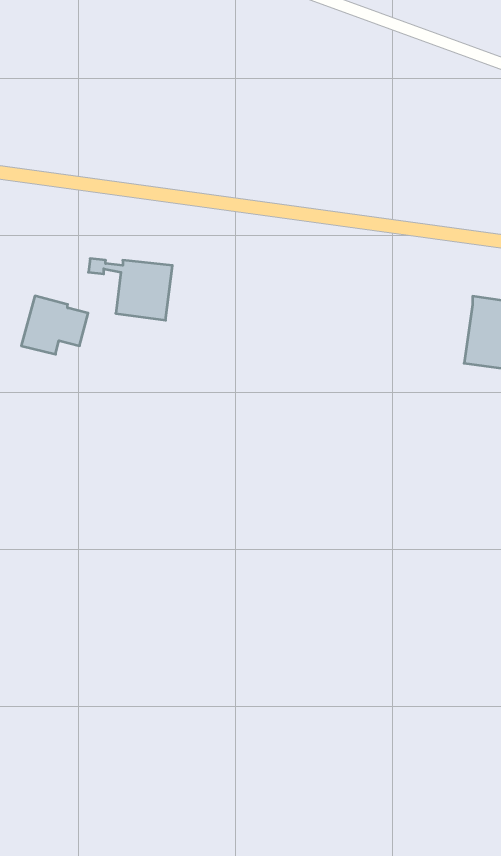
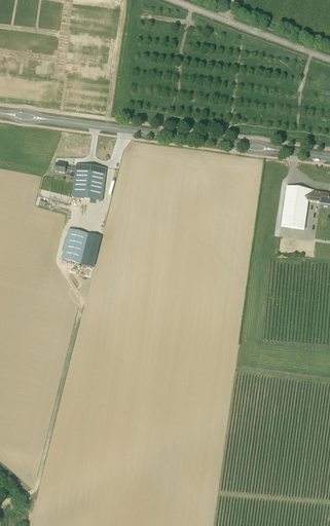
building: [21,296,88,354] -> [61,227,101,262]

